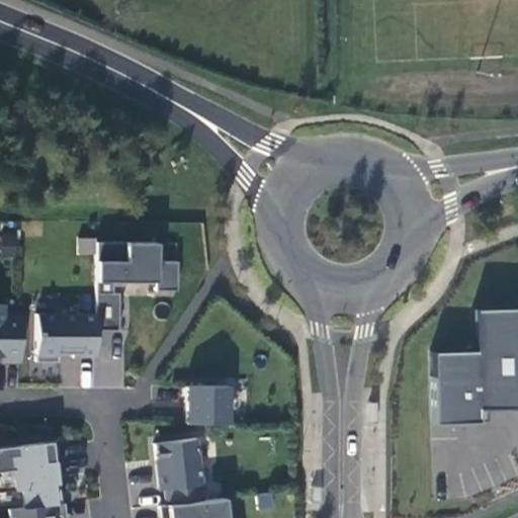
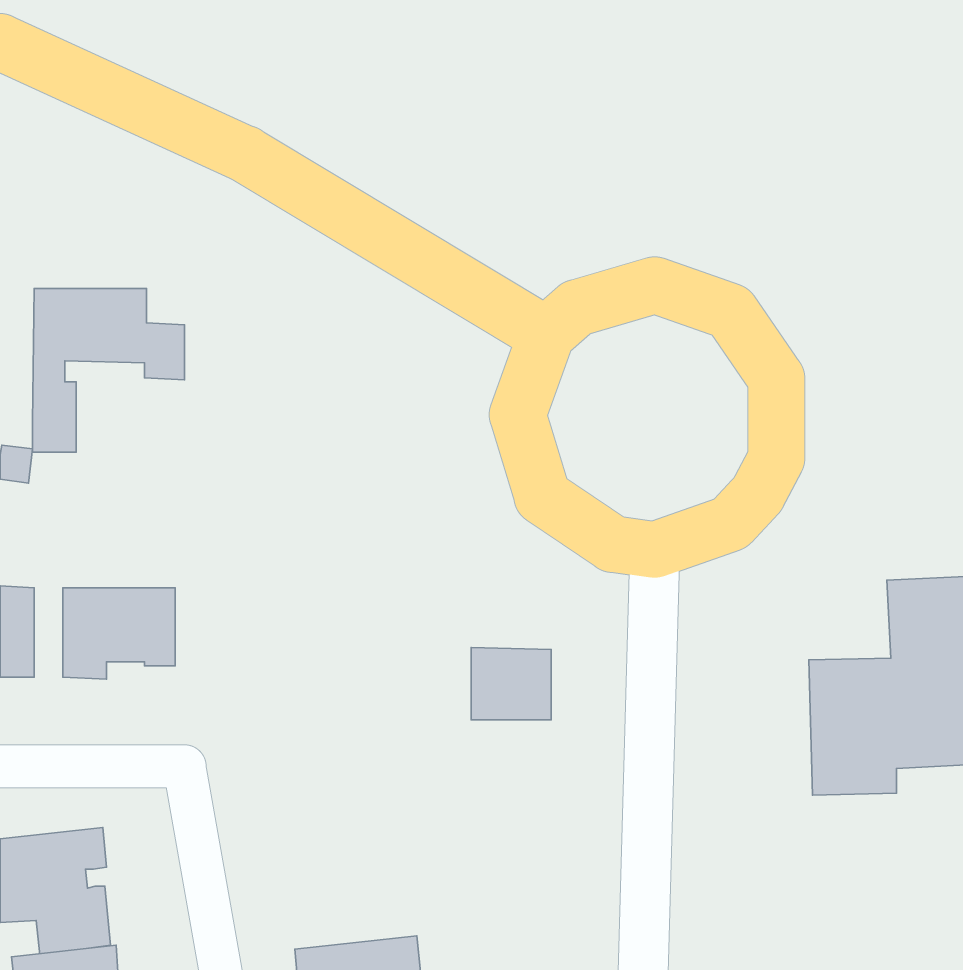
building: [98,243,179,330] -> [32,289,185,452]
building: [188,385,231,424] -> [471,648,551,720]
building: [157,439,206,505] -> none

